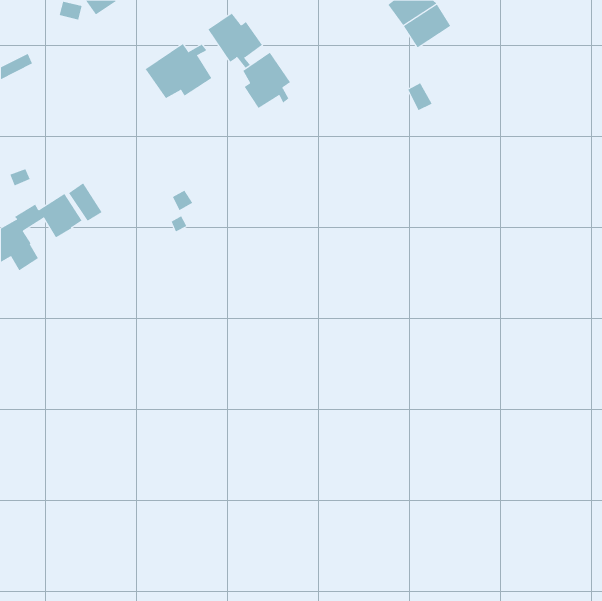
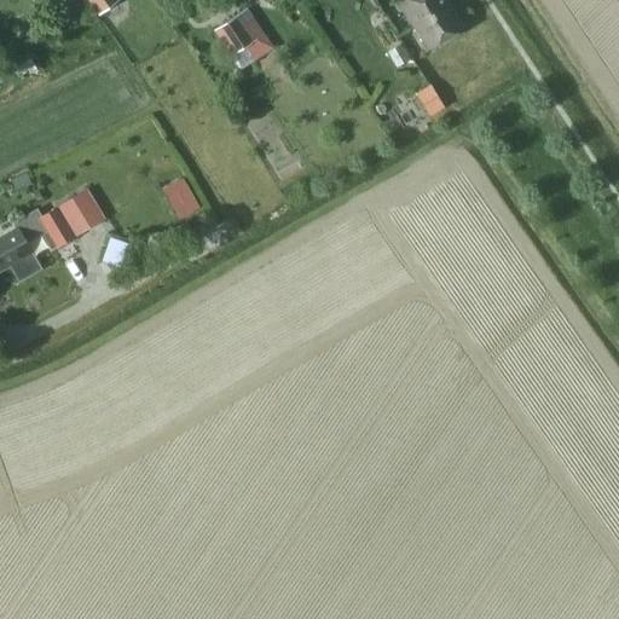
building: [145,43,212,99] -> none
building: [243,52,291,109] -> none

